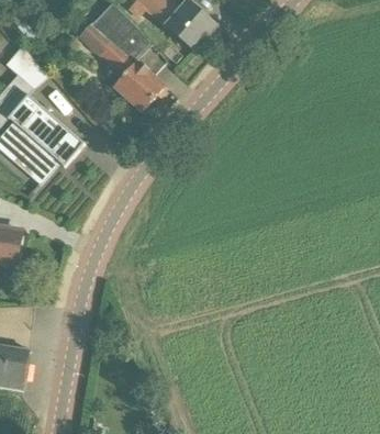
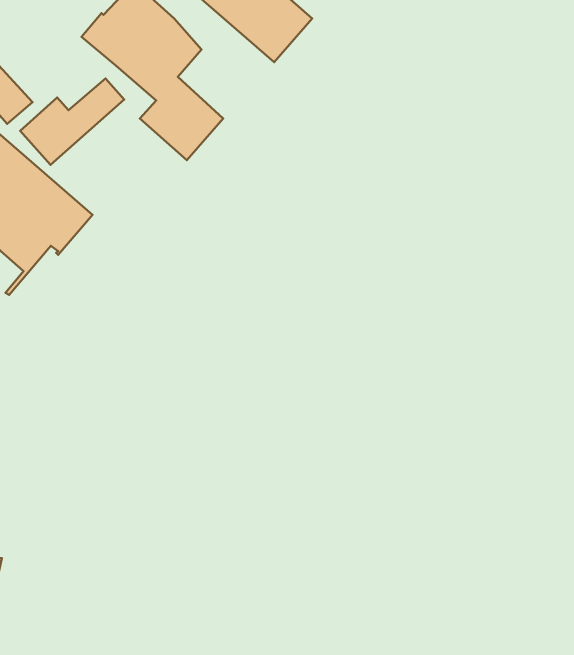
building: none -> [20,78,124,165]

